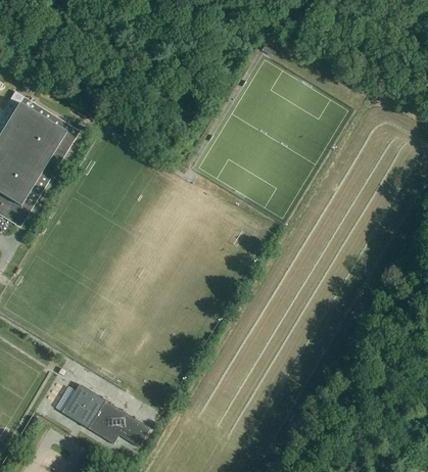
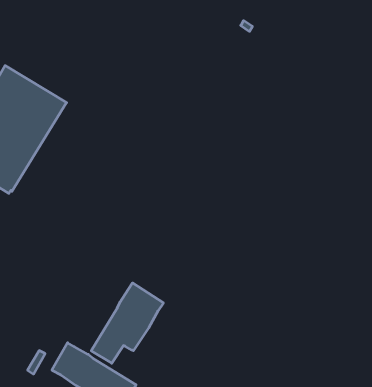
building: none -> [91,283,163,363]

